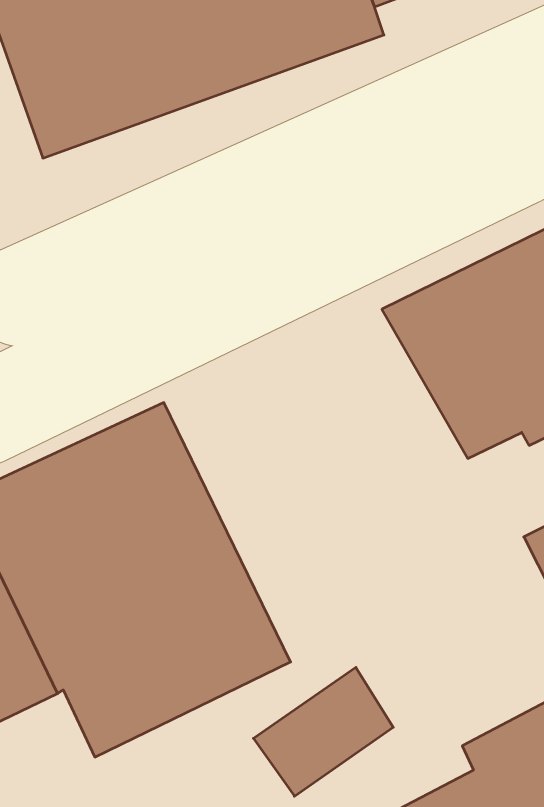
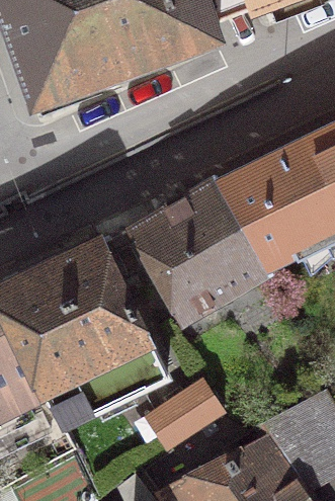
building: none -> [130,179,265,318]

